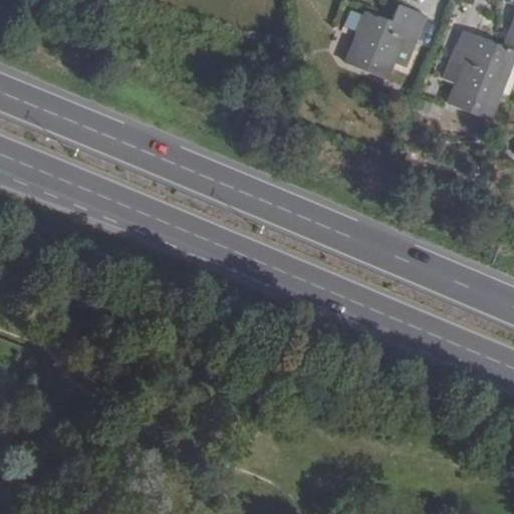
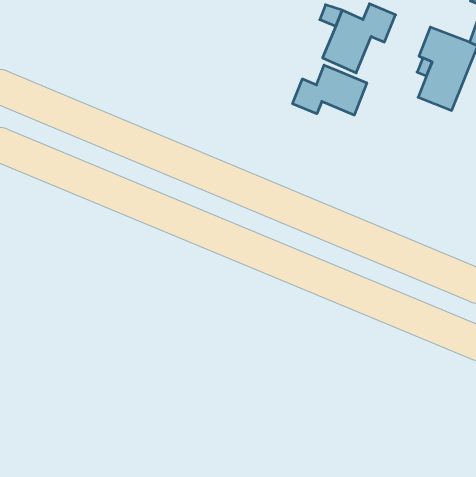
building: none -> [293,65,367,115]

